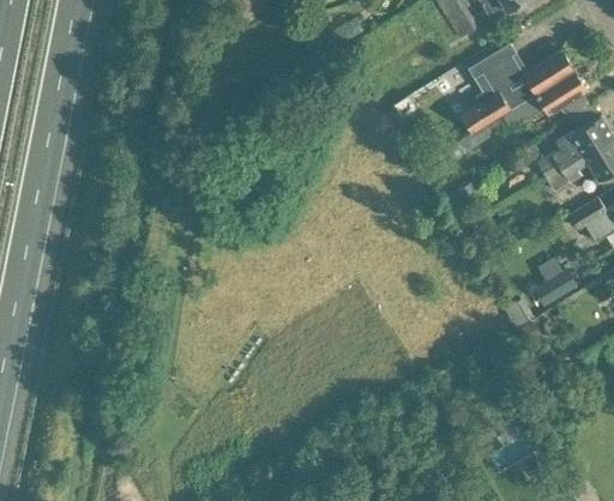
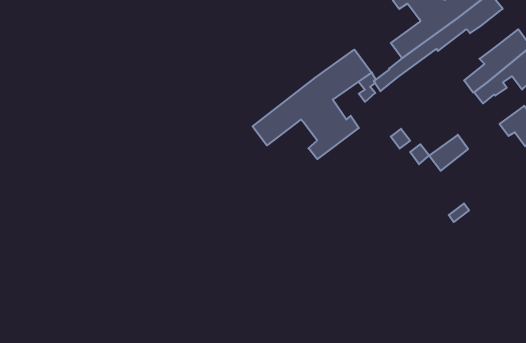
building: none -> [253,50,371,159]
building: [535,268,578,306] -> [429,135,468,171]

